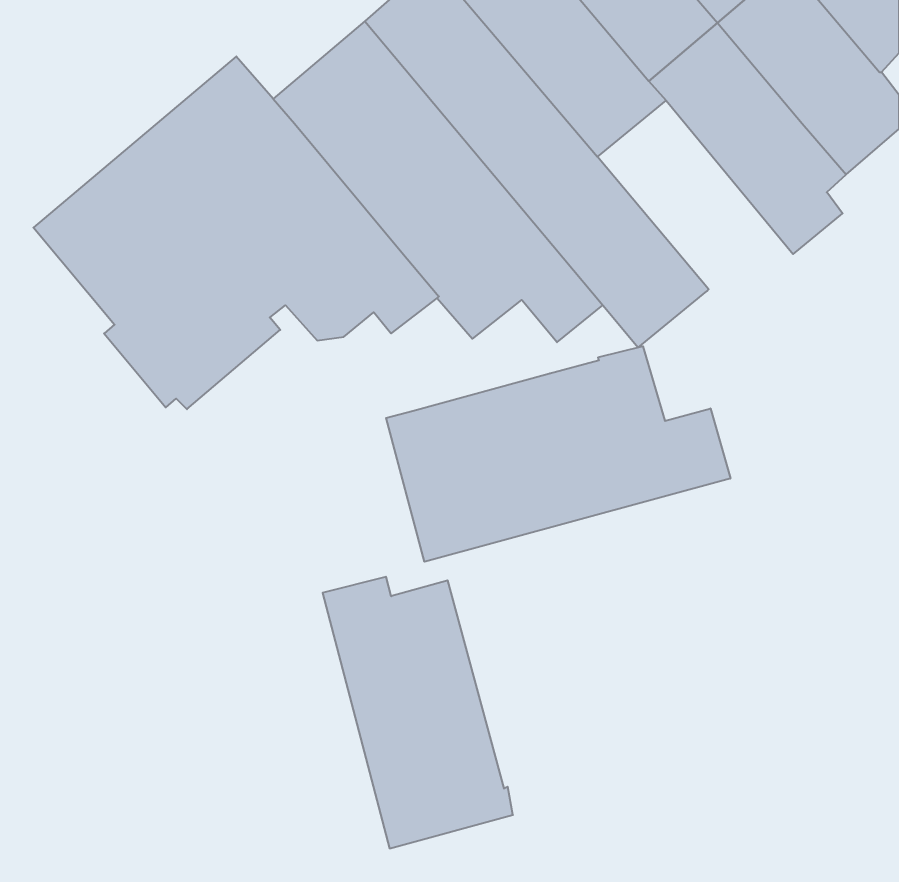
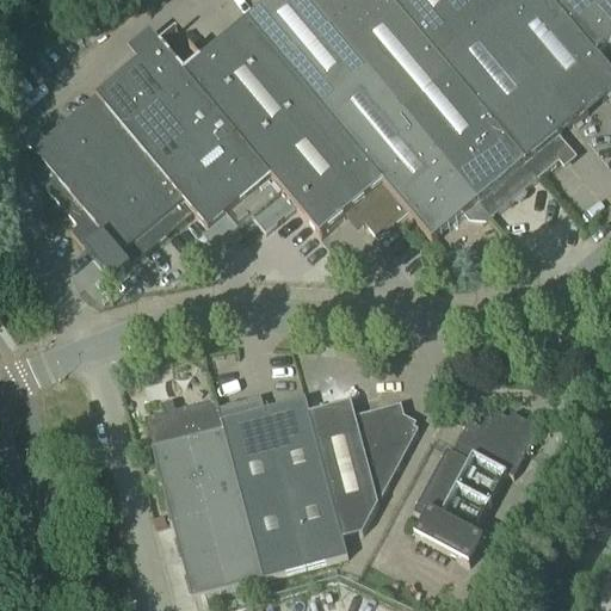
building: none -> [405,68,537,211]
building: [386,346,730,562] -> none
building: none -> [144,393,264,592]
building: none -> [303,393,419,533]
building: none -> [414,407,548,560]

